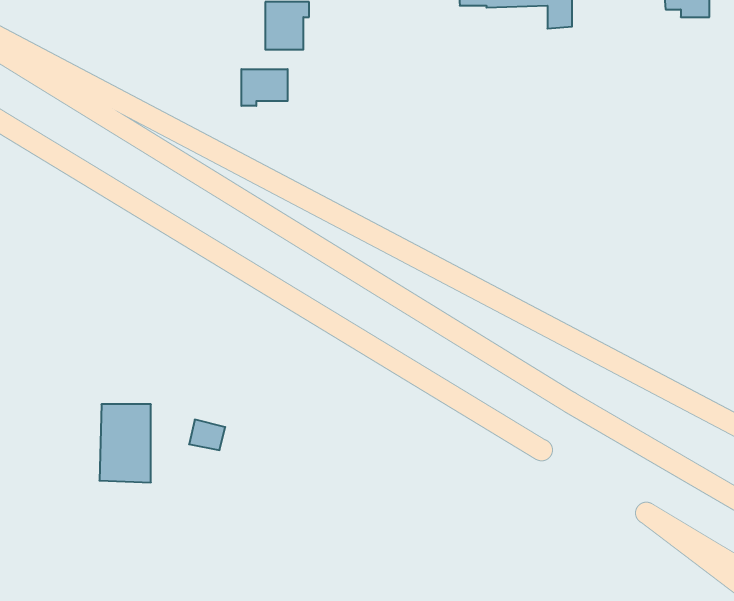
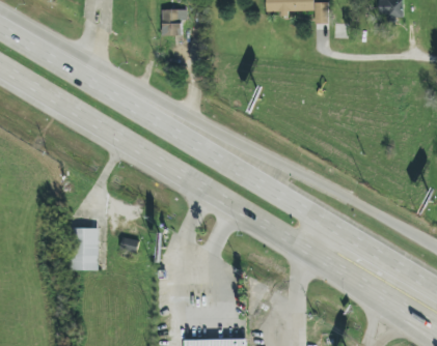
building: [241,69,288,106] -> none

